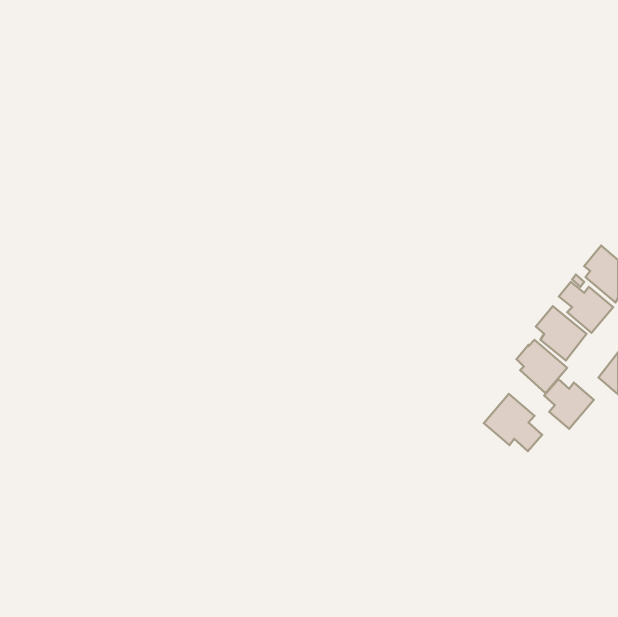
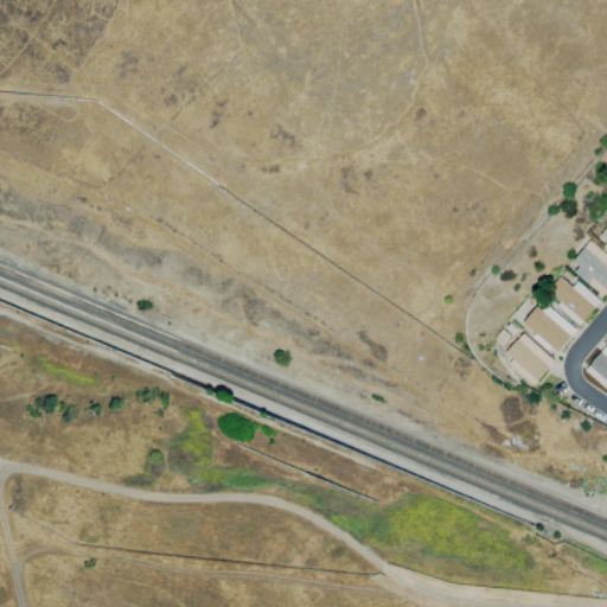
building: [544,379,594,429] -> none
building: [484,394,542,451] -> none

